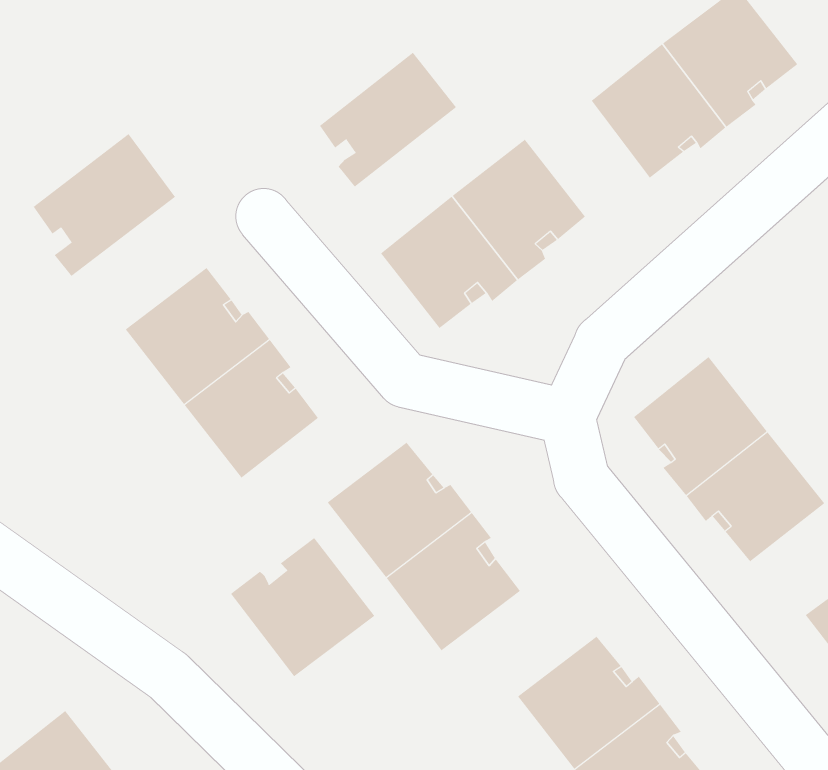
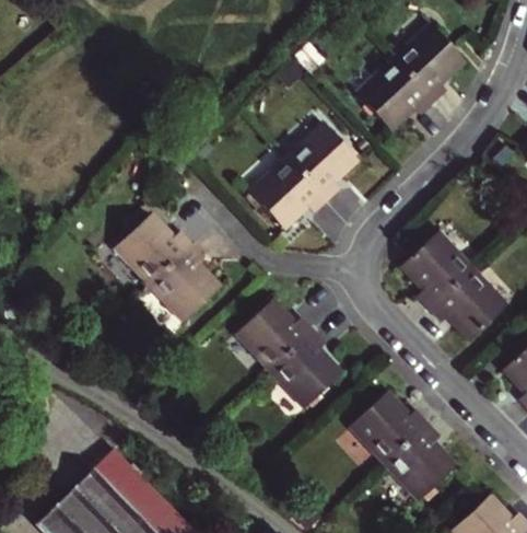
building: [319,52,457,187] -> none
building: [33,133,176,277] -> none
building: [230,537,375,677] -> none

